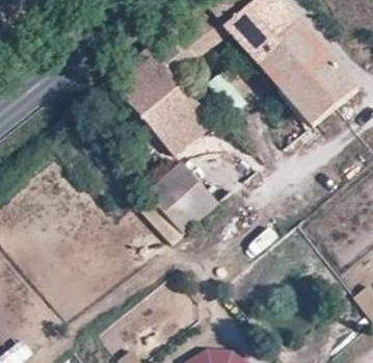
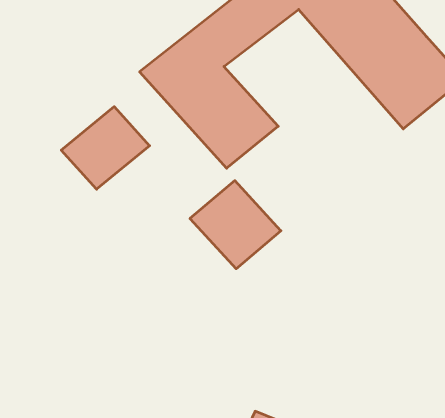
building: none -> [61,107,150,189]

